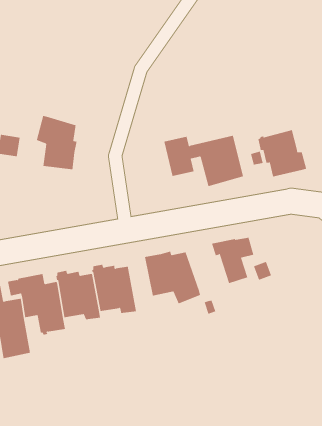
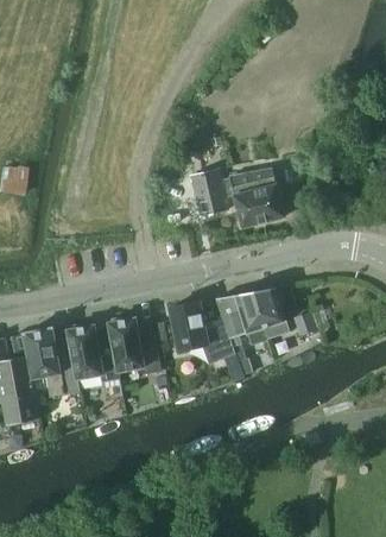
building: [36,115,77,170] -> none
building: [258,129,307,178] -> none
building: none -> [216,293,266,348]

